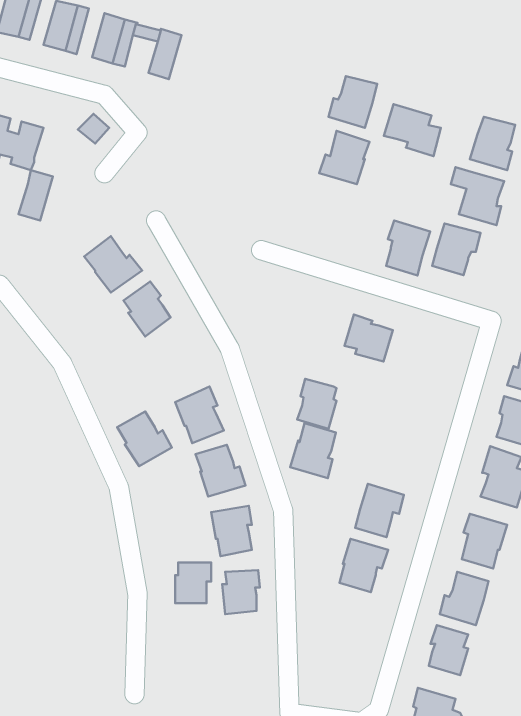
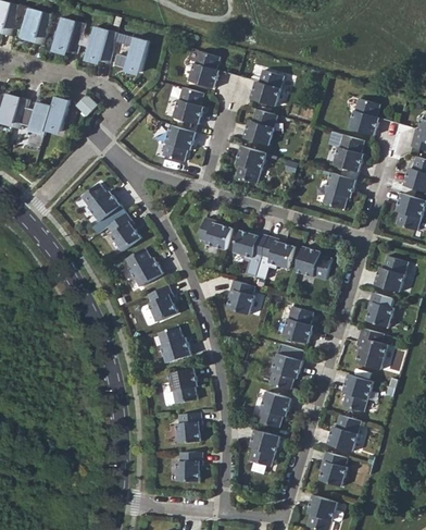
building: none -> [188,51,220,88]
building: none -> [172,87,203,125]
building: [384,104,441,156] -> none
building: none -> [162,125,196,162]
building: [18,170,53,220] -> [46,97,70,132]
building: [386,220,430,275] -> [236,146,266,184]
building: none -> [199,218,231,250]
building: none -> [234,231,267,258]
building: none -> [296,247,333,281]
building: [117,411,172,466] -> [125,248,163,286]
building: [290,423,336,478] -> [281,306,313,344]
building: [175,563,211,603] -> [177,453,202,481]
building: none -> [249,430,279,467]

